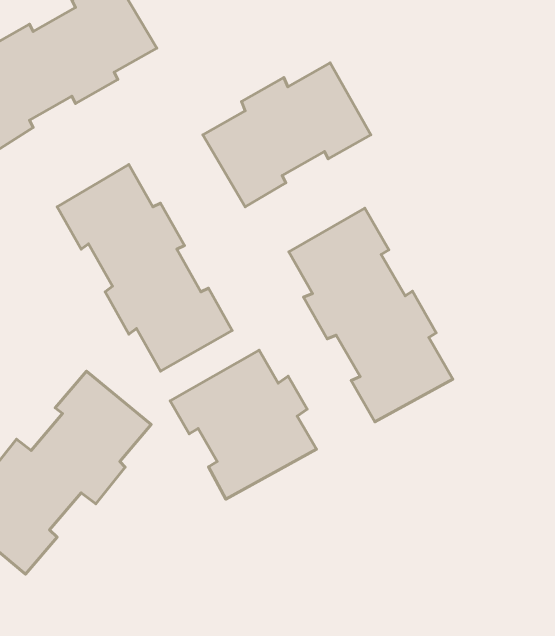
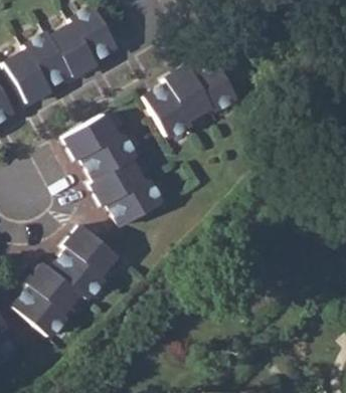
building: [289,208,453,422] -> none
building: [170,350,316,499] -> none

